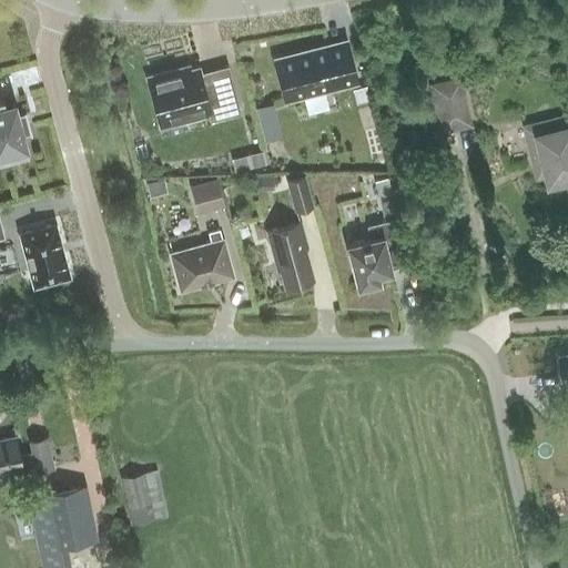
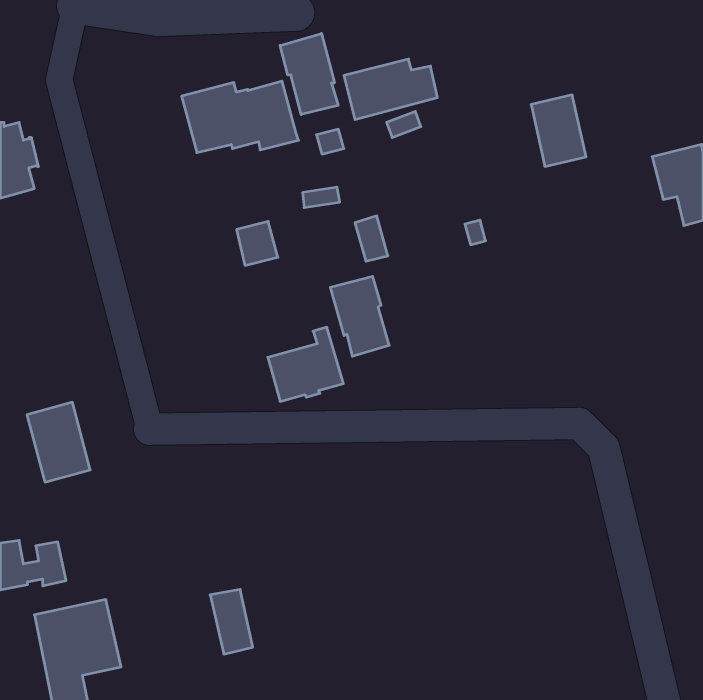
building: none -> [280,33,338,115]
building: [347,221,403,287] -> none
building: [19,224,70,288] -> [27,402,90,482]
building: [171,231,232,291] -> [268,327,343,401]
building: [120,475,154,527] -> [210,589,253,654]

